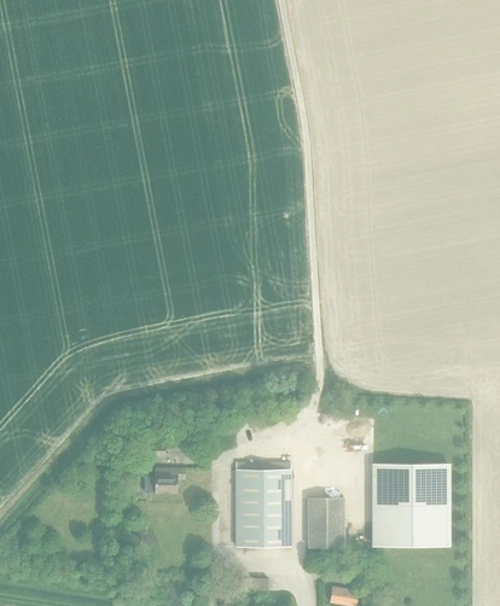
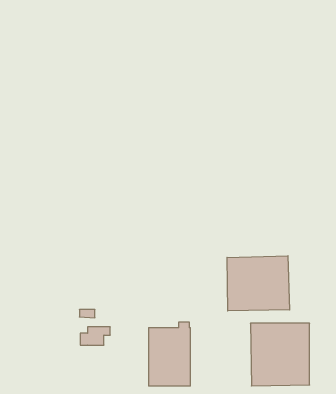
building: none -> [227,256,290,311]
building: [307,499,342,547] -> none

